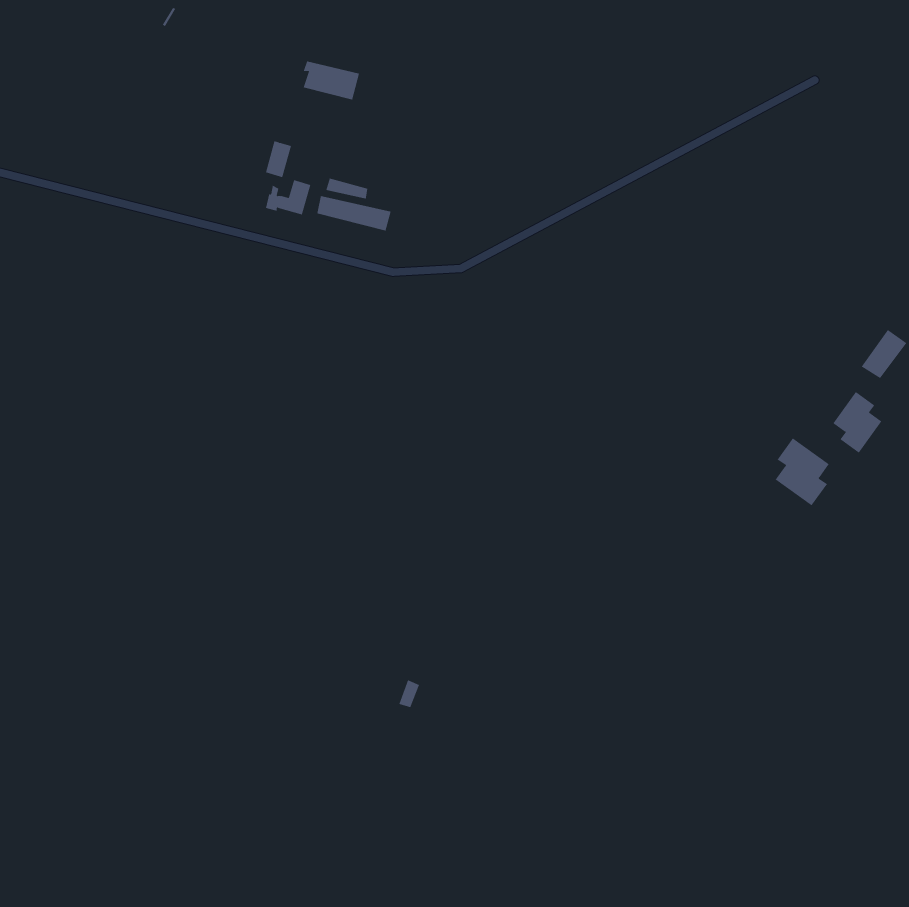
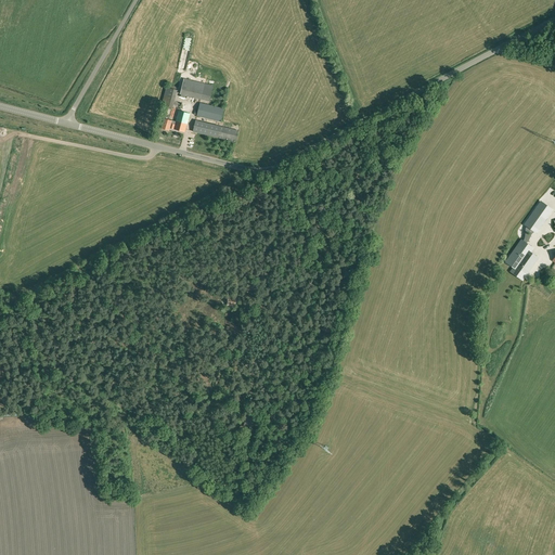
building: [303,61,360,100] -> [181,77,216,101]
building: [775,437,830,506] -> none

